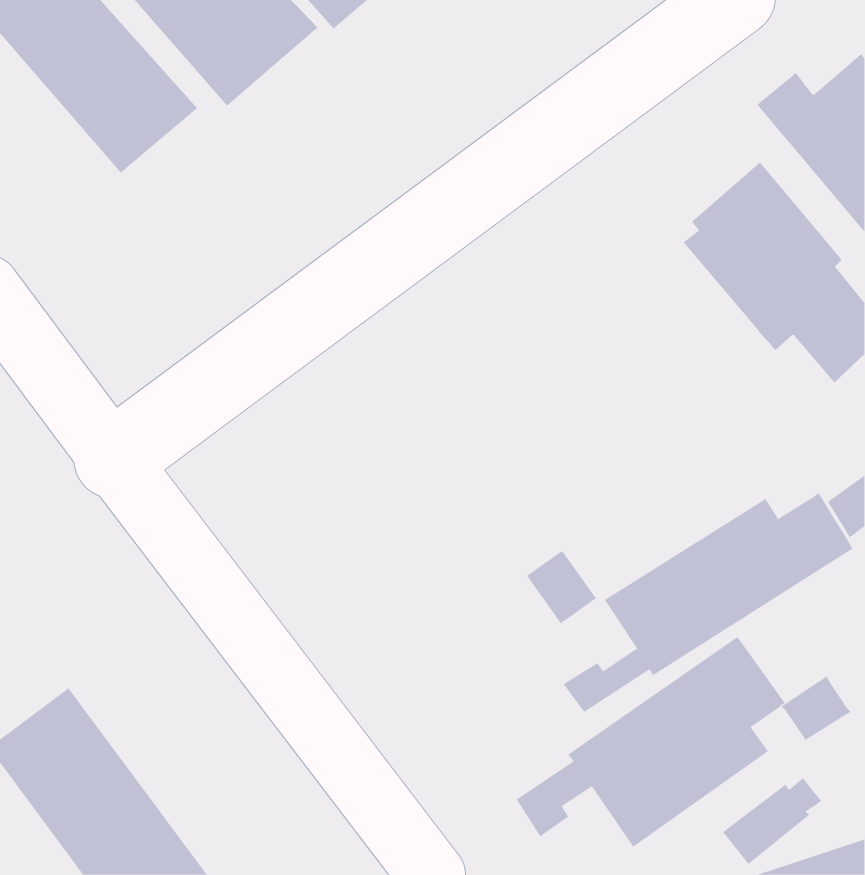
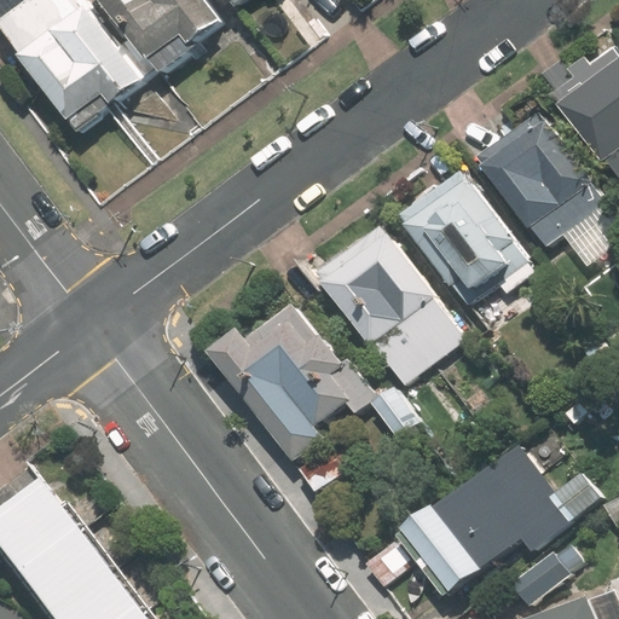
building: none -> [395,170,525,302]
building: none -> [319,224,465,383]
building: none -> [212,301,369,459]
building: [563,493,853,713] -> none

